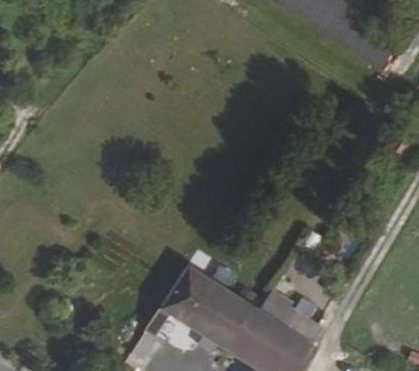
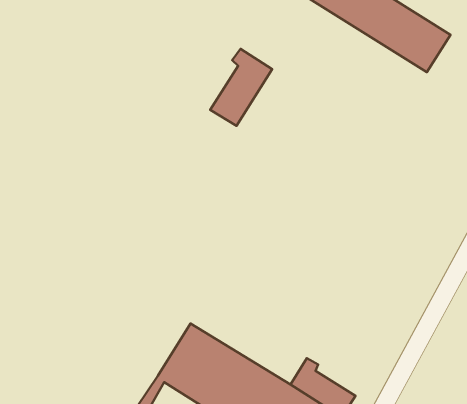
building: none -> [210,49,272,126]

